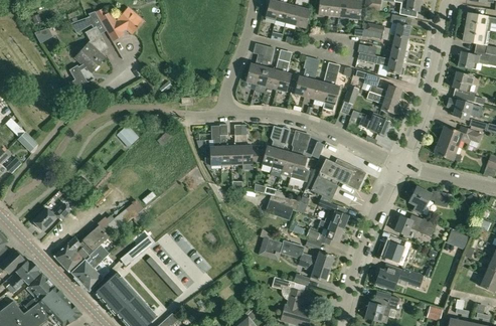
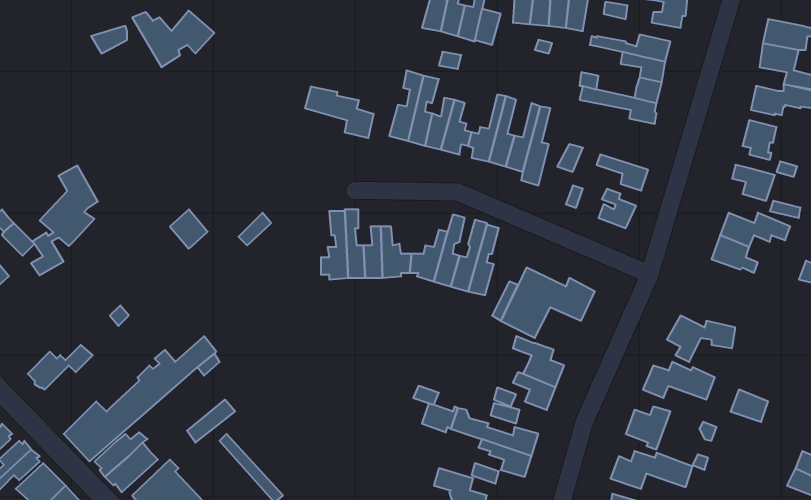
building: [68,26,108,91] -> [31,166,98,275]
building: none -> [305,86,374,138]
building: [355,70,401,102] -> none
building: [266,195,300,220] -> none

